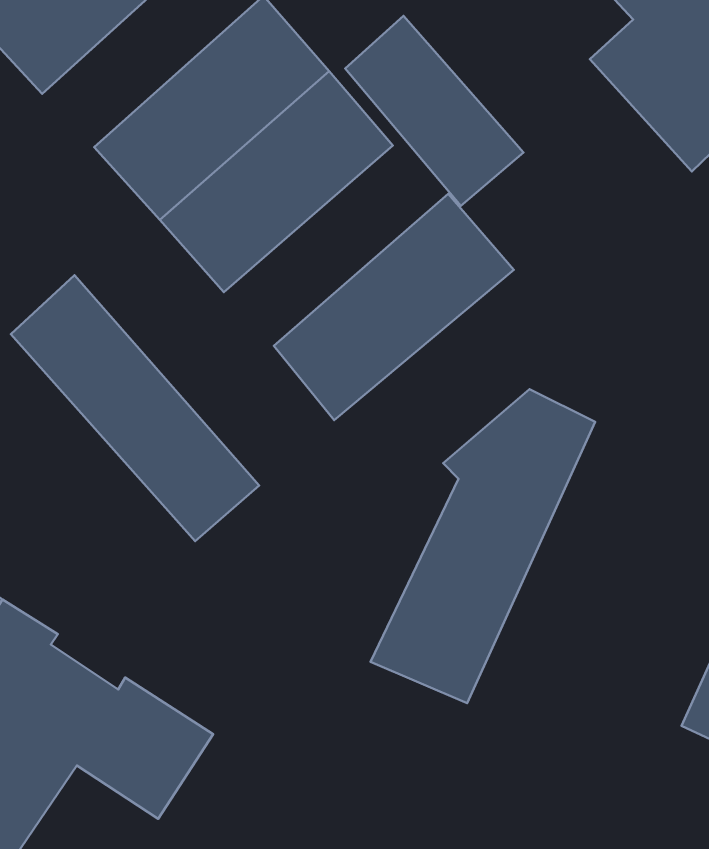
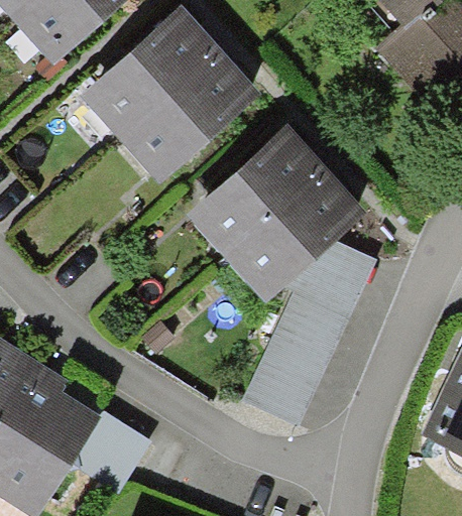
building: [345,16,523,206] -> none
building: none -> [223,168,366,301]
building: [11,275,259,541] -> none

